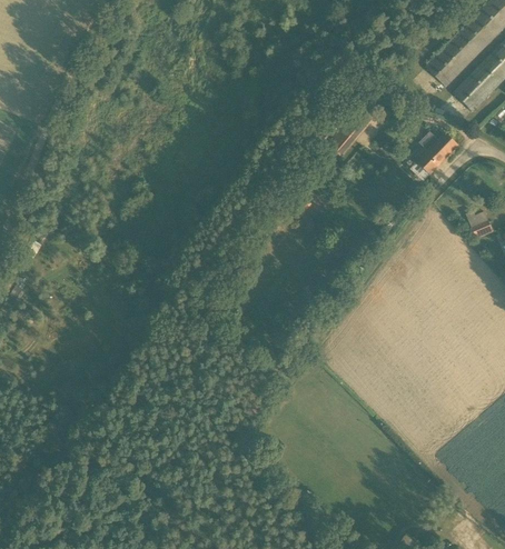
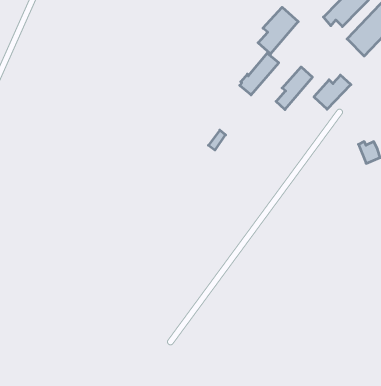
building: none -> [258,7,298,54]
building: none -> [276,67,312,110]

